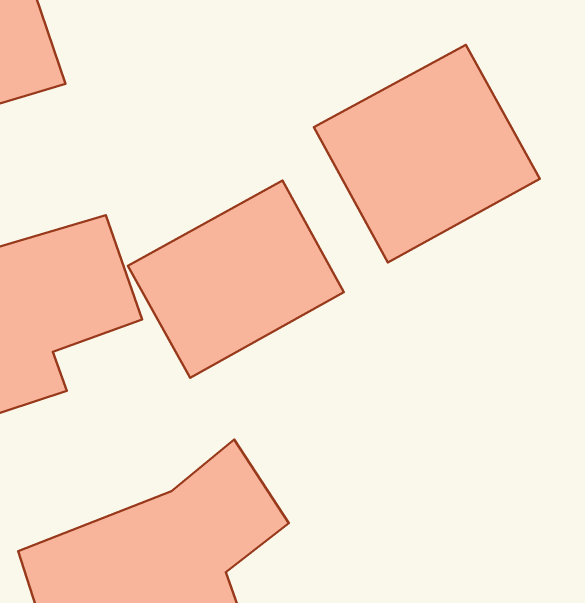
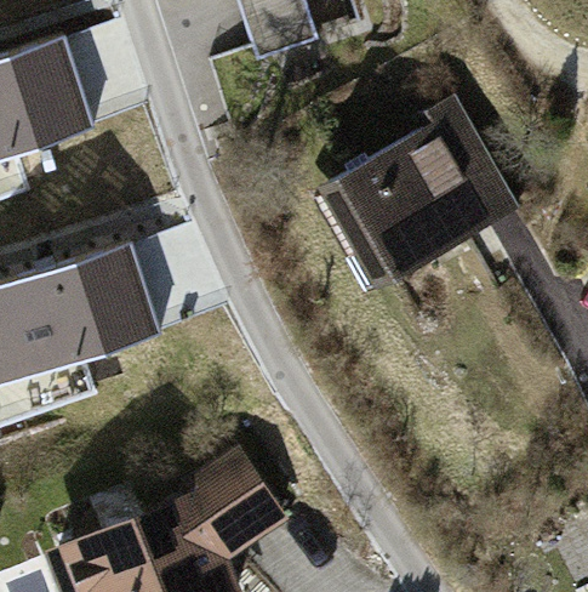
building: [128,181,344,378] -> none

